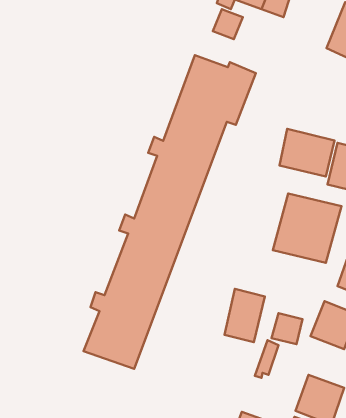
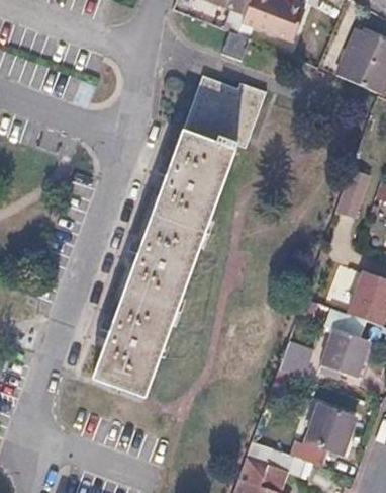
building: [280,129,334,177] -> none
building: [273,193,341,263] -> none
building: [224,289,265,342] -> none

